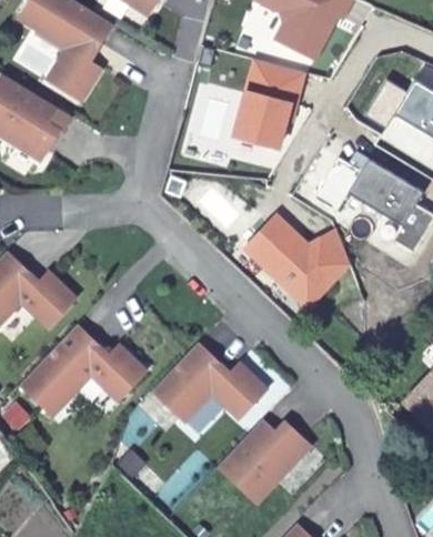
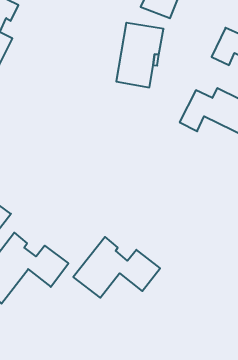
building: [245,216,349,307] -> none
building: [218,417,312,503] -> none

